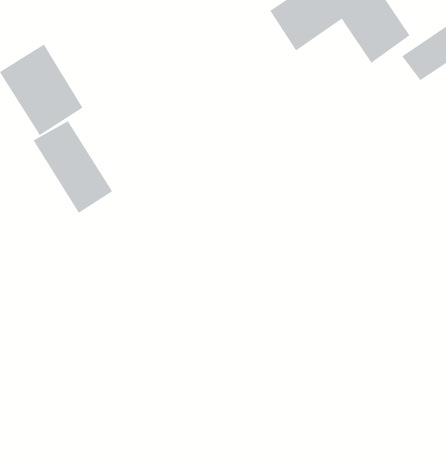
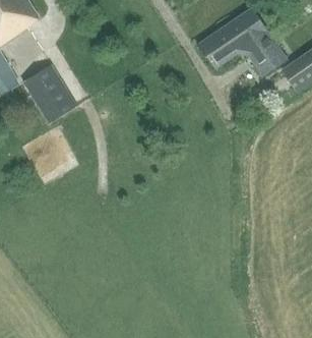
building: [33,120,113,214] -> none

